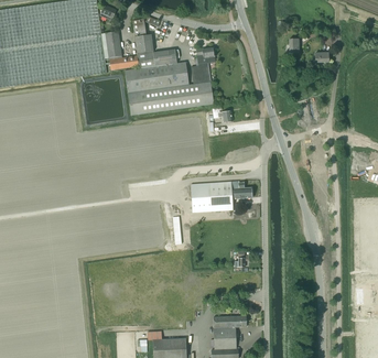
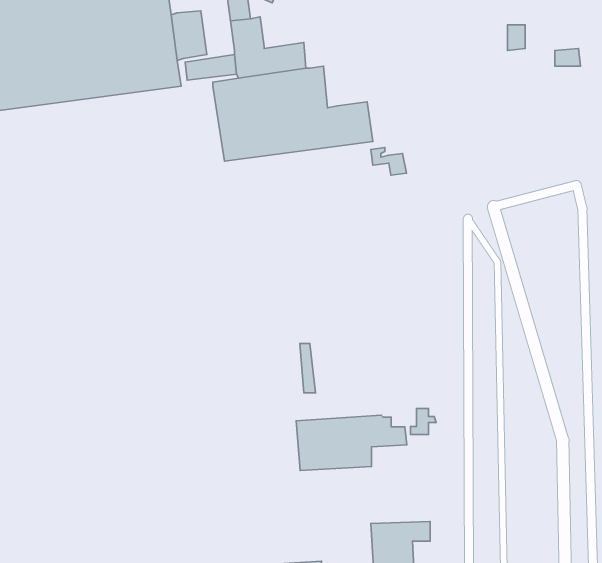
building: [191,47,215,84] -> none
building: [191,181,252,211] -> [296,415,407,470]

